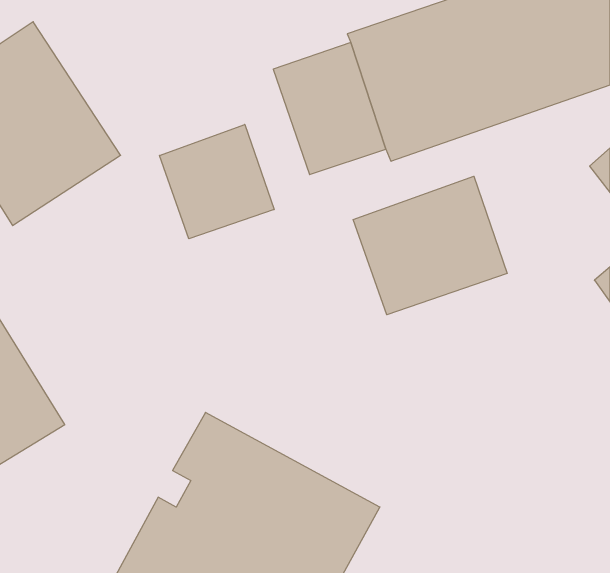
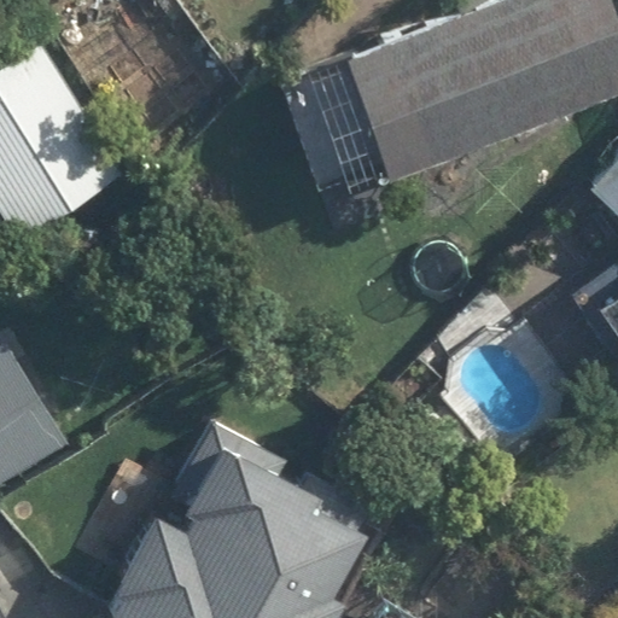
building: [160,124,274,239] -> none
building: [353,176,507,315] -> none

